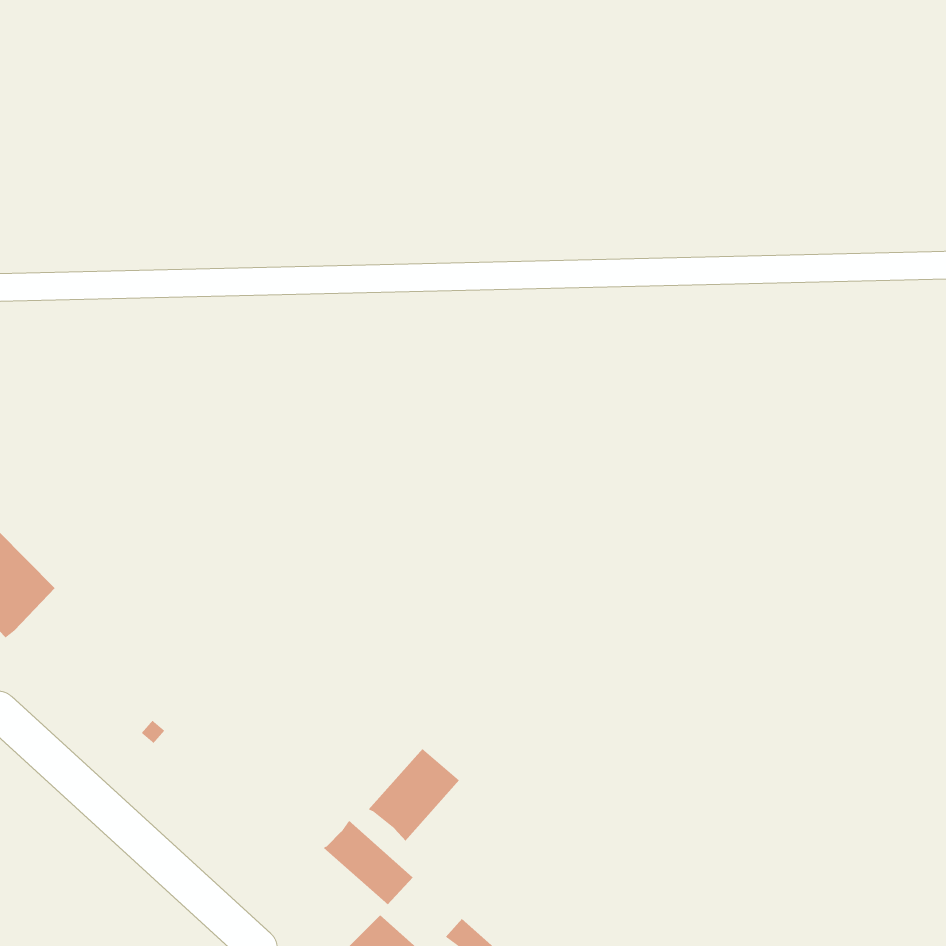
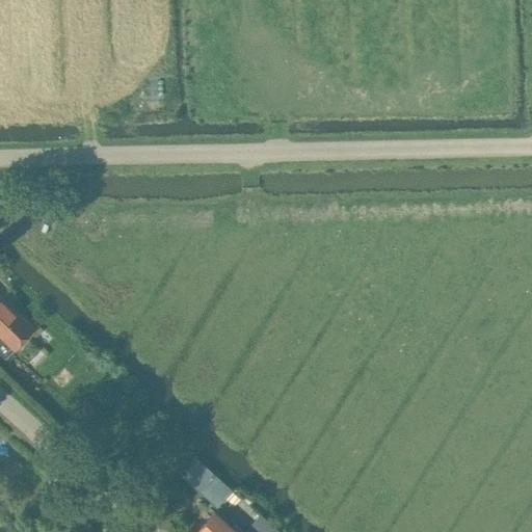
building: [368,748,460,842] -> none

